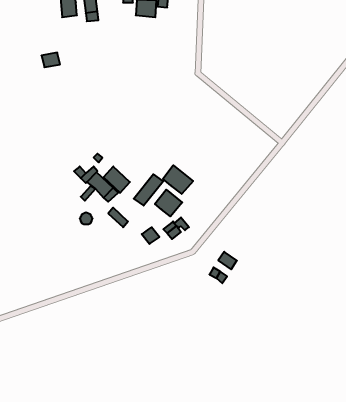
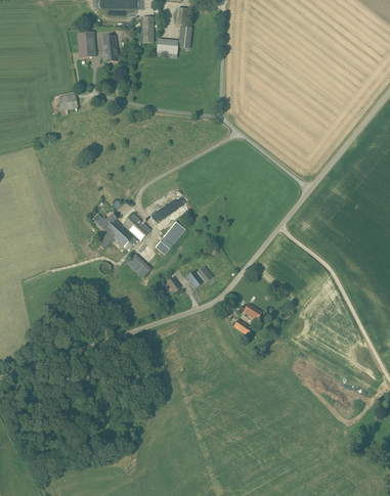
building: [163,165,193,194] -> none
building: [155,190,182,216] -> none

